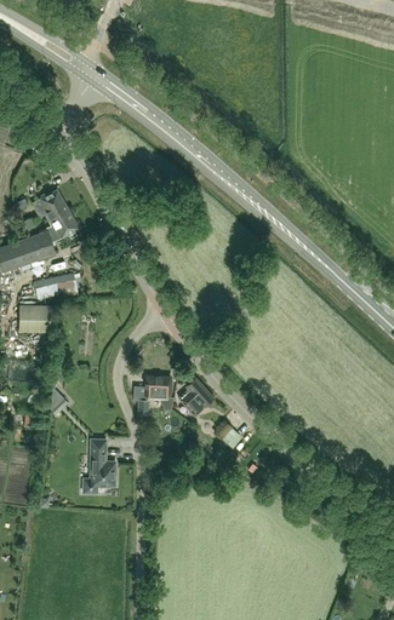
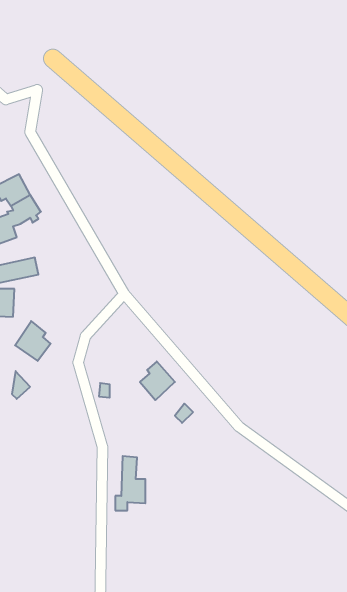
building: none -> [15,321,51,361]
building: [144,377,173,411] -> none
building: [84,440,114,494] -> [115,456,145,510]

